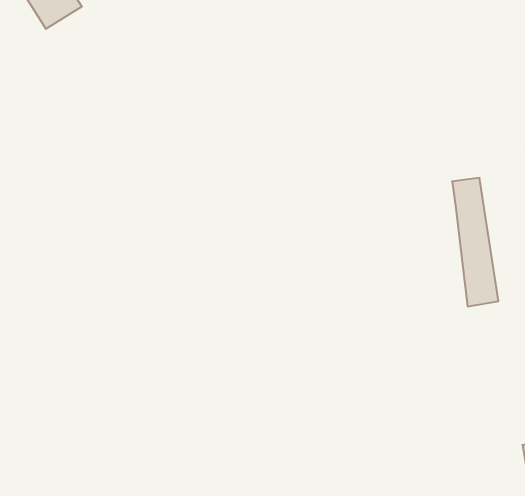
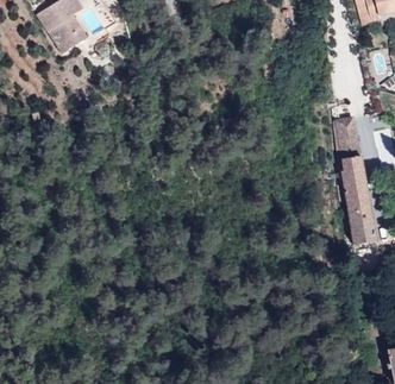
building: none -> [336,118,358,159]

